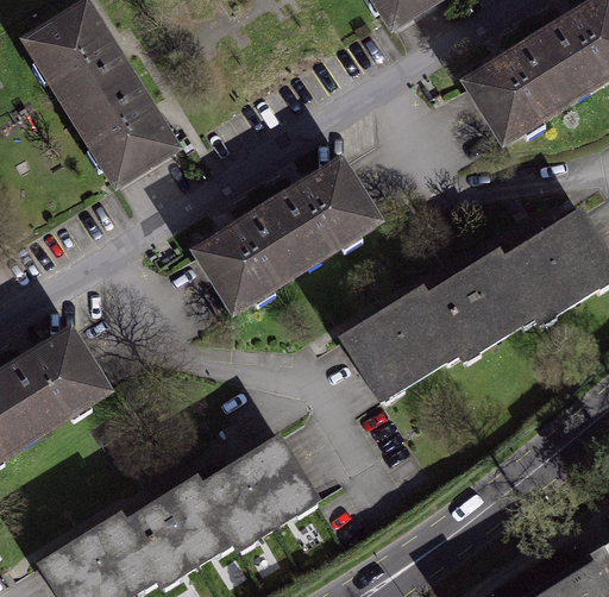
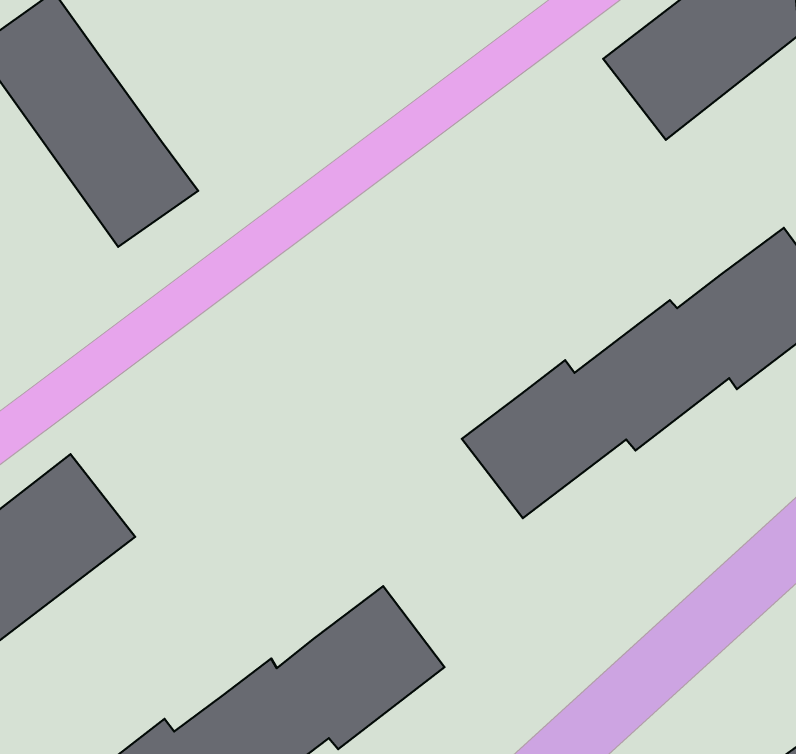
building: [194,159,377,309] -> none

